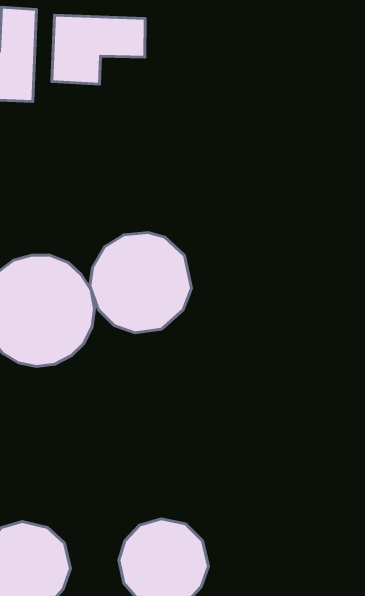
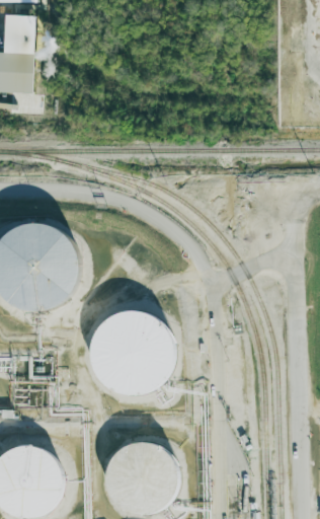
building: [52,15,145,84] -> none
building: [90,232,192,333] -> [89,313,174,397]

